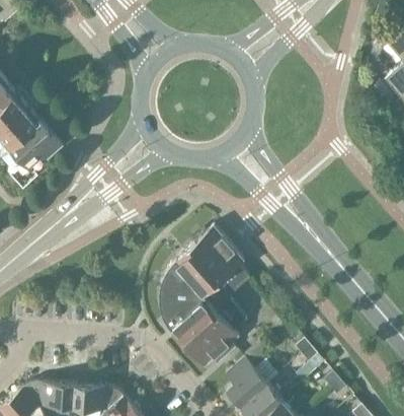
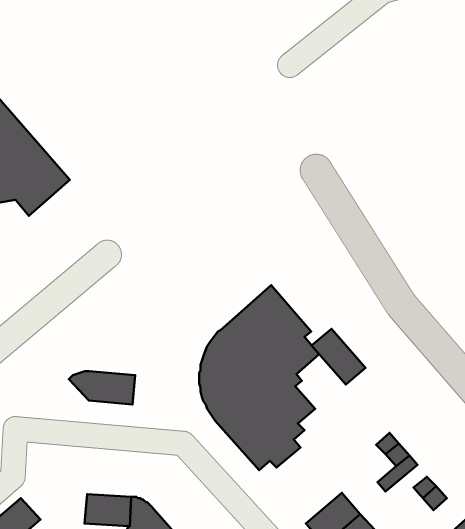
building: none -> [312,329,365,384]
building: [225,357,267,407] -> none
building: [23,382,74,407] -> [69,371,135,404]

